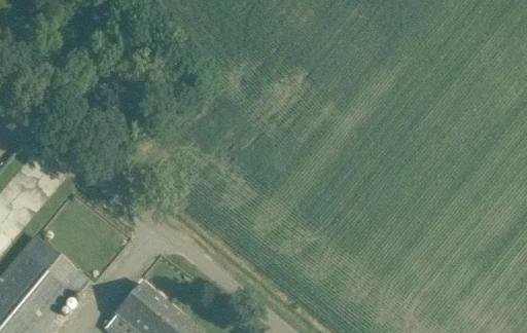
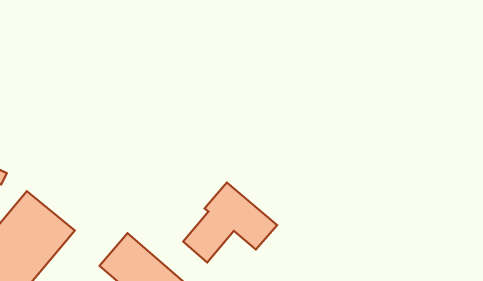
building: none -> [183,182,277,262]

